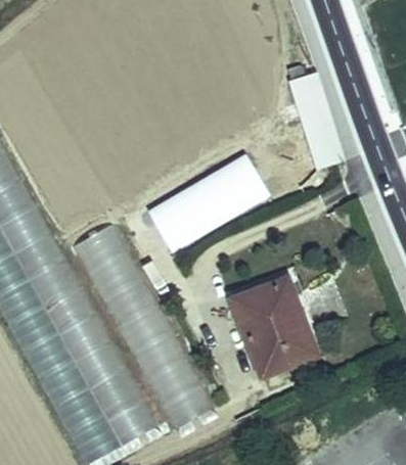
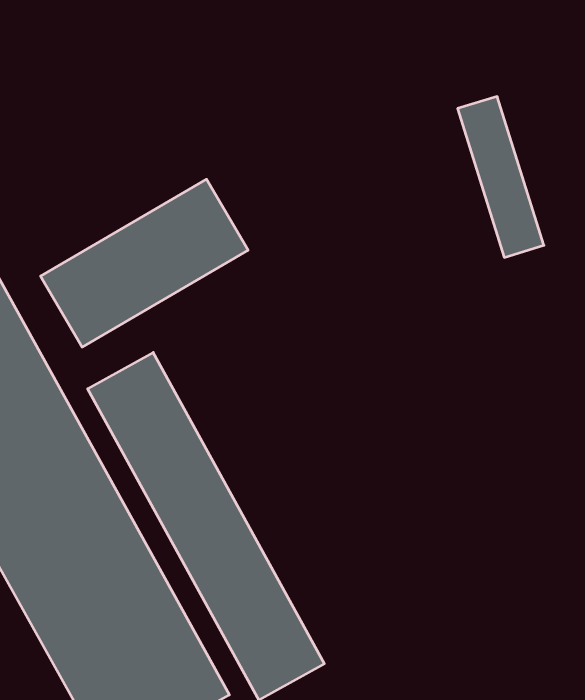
building: [147,153,270,252] -> [41,179,248,347]
building: [233,279,316,375] -> none

